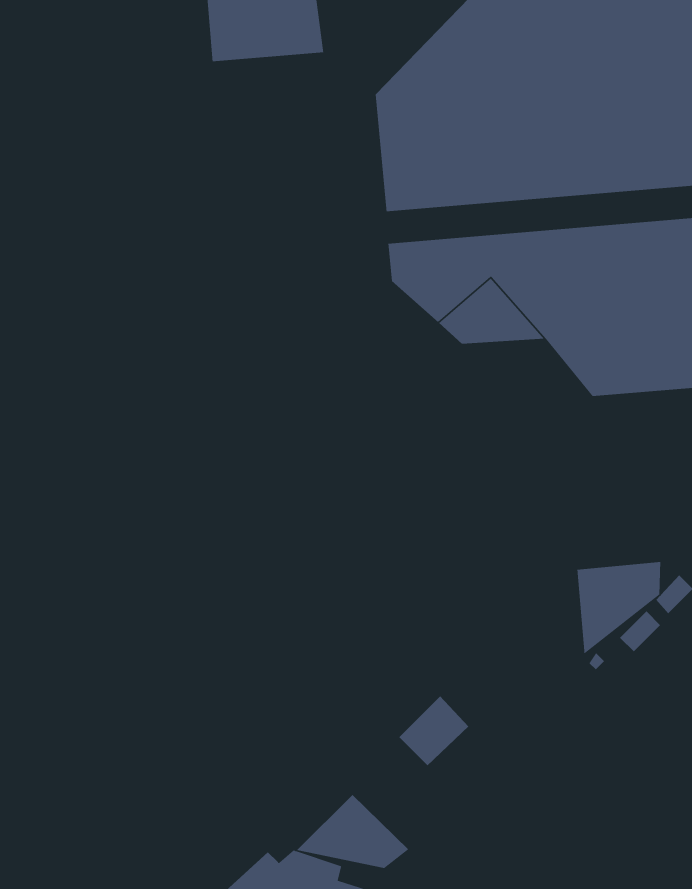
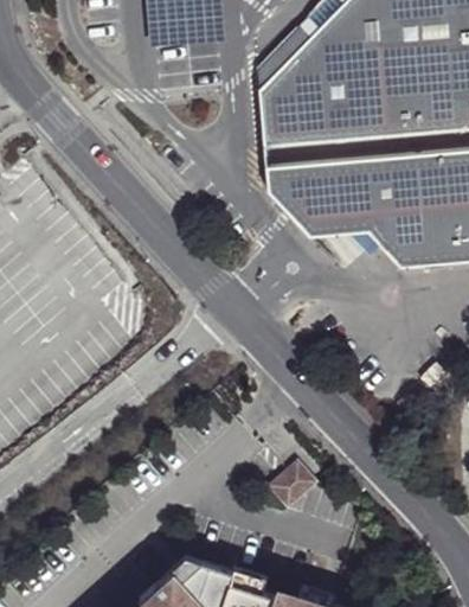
building: [577,561,661,655] -> none
building: [296,794,409,869] -> none

